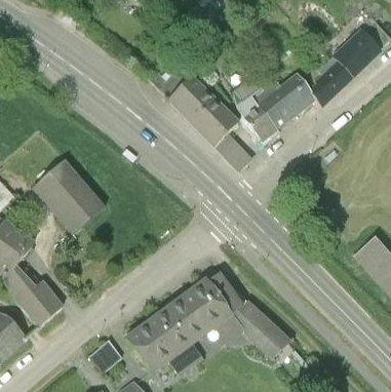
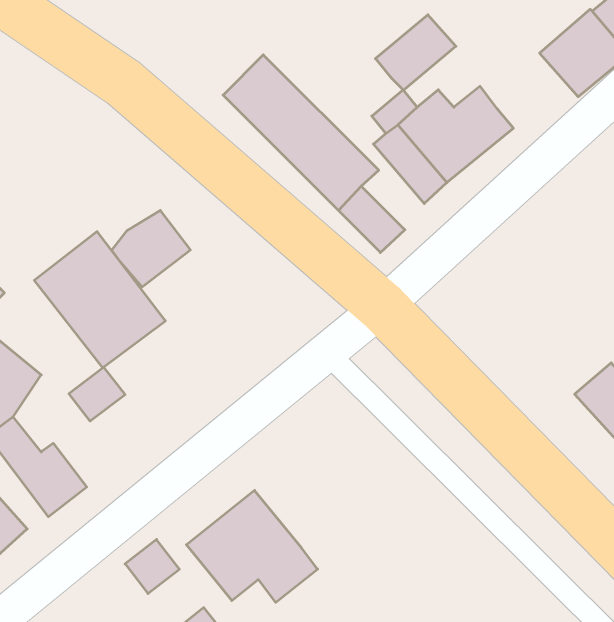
building: [306,62,353,106] -> [375,15,456,90]
building: none -> [112,210,190,287]
building: none -> [69,367,125,421]
building: [163,266,283,358] -> none

